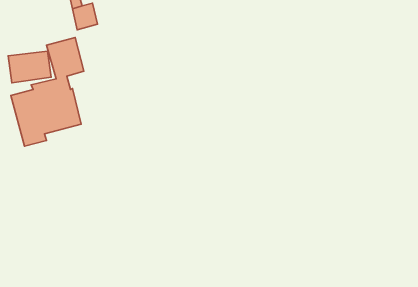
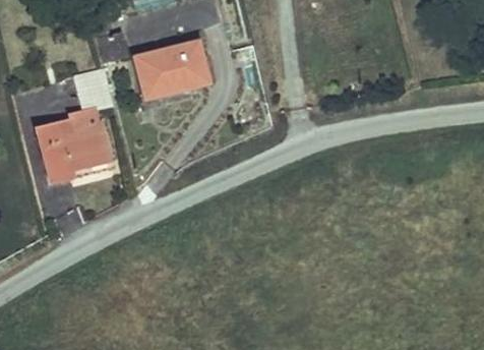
building: none -> [134,40,210,99]

